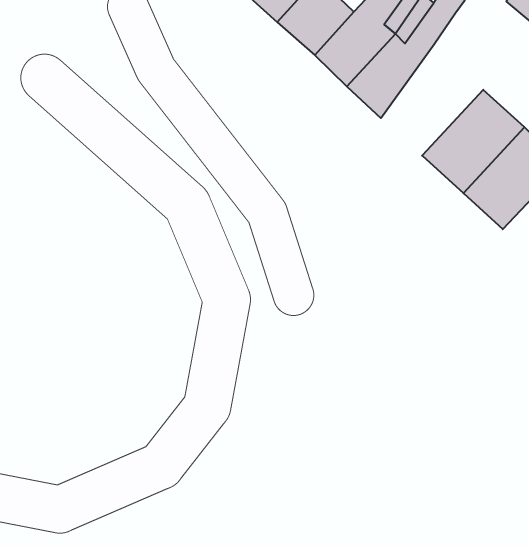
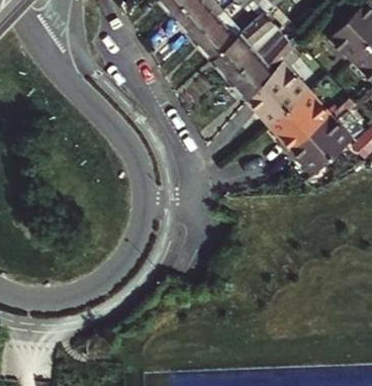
building: none -> [250,60,311,124]

